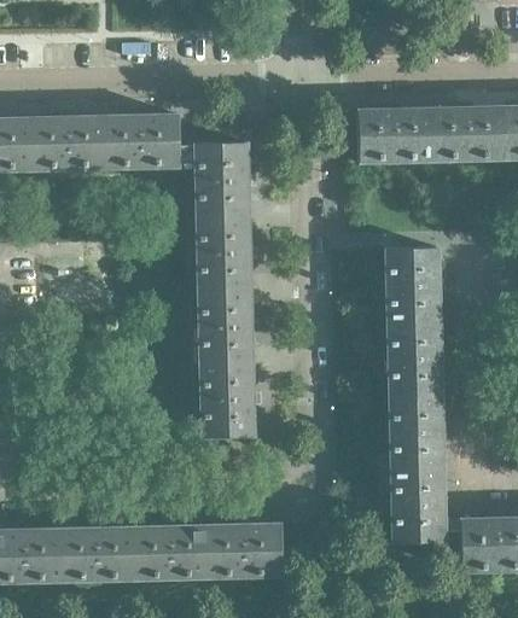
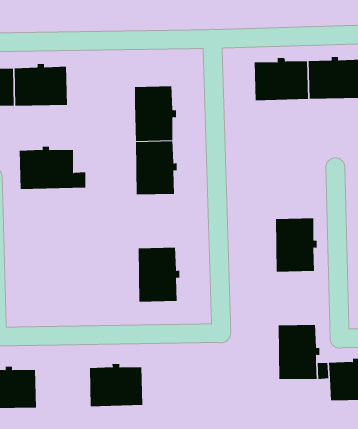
building: [103,111,194,170] -> [19,146,86,190]
building: [384,249,443,325] -> none
building: [197,291,256,365] -> none
building: [388,396,447,470] -> none
building: [205,520,281,578] -> none
building: [60,524,134,582] -> none

